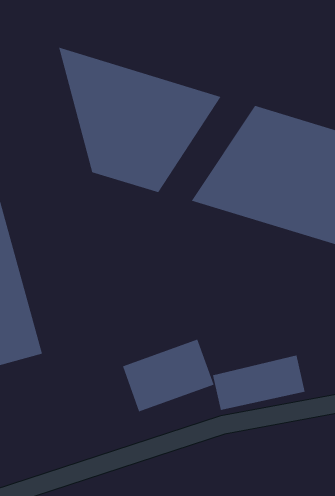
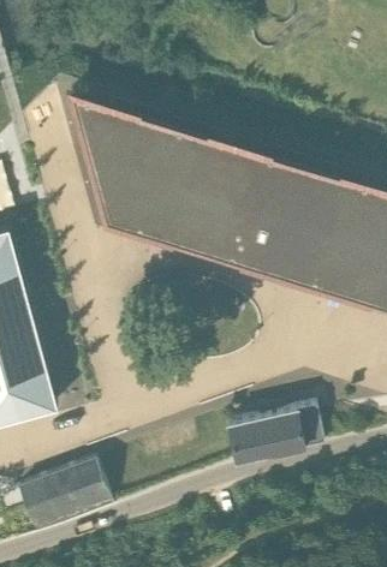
building: none -> [173,148,270,253]
building: [122,339,214,412] -> [19,464,113,538]

